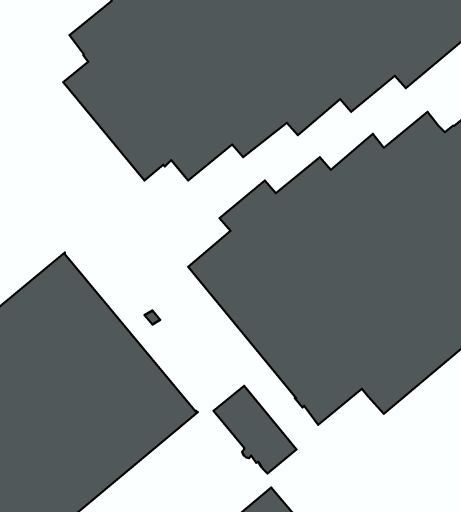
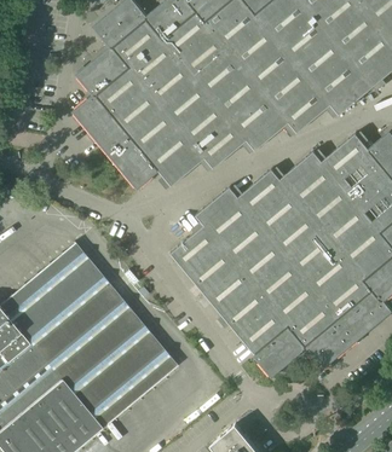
building: [213,386,297,473] -> none

